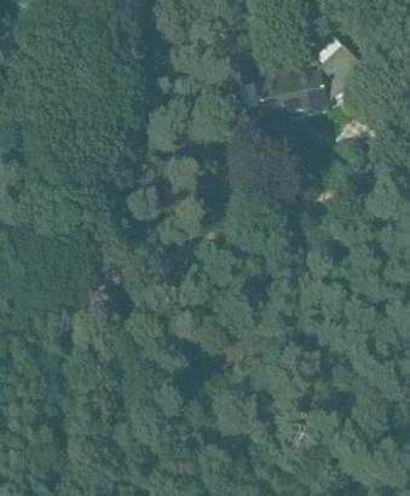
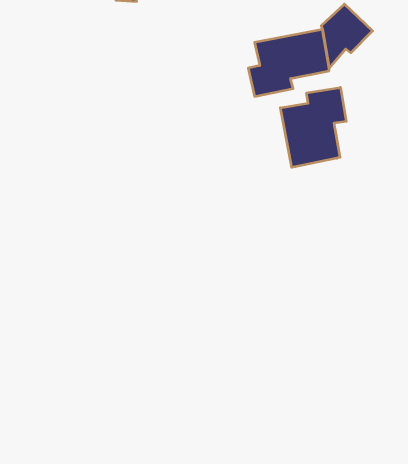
building: none -> [280,87,346,167]

